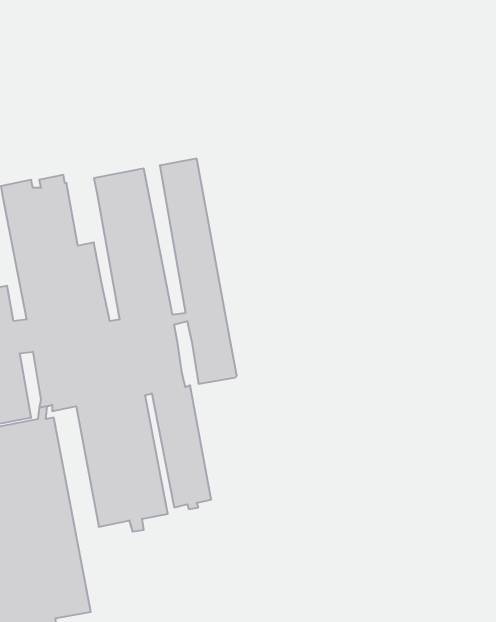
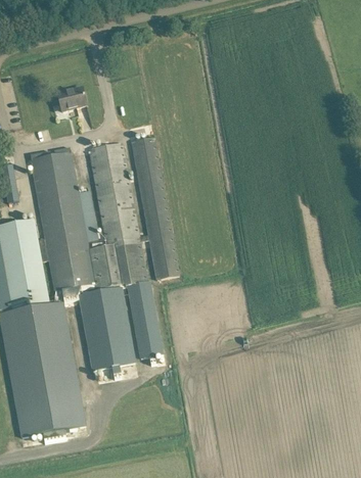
building: none -> [56,86,85,110]

